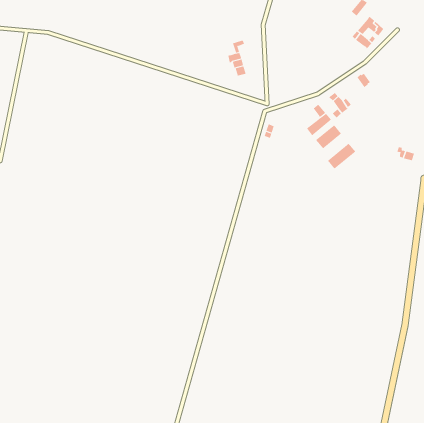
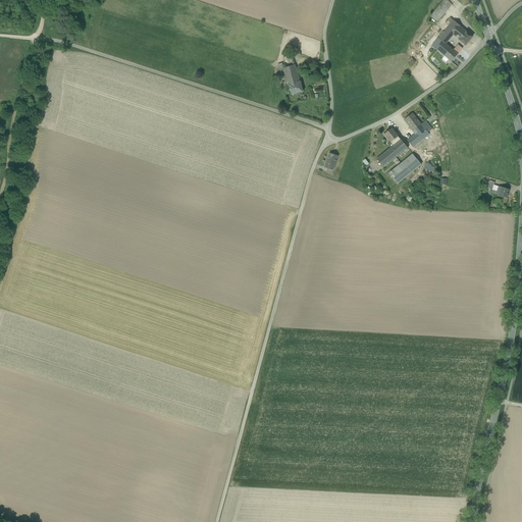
building: [327,143,356,170] -> none

